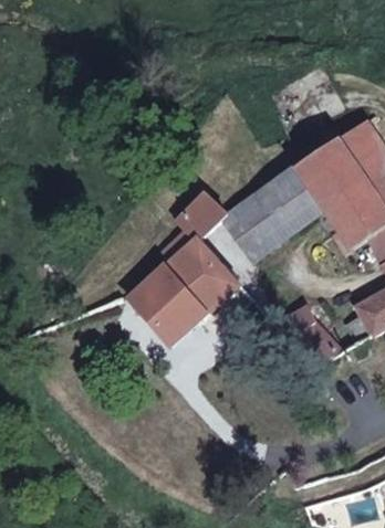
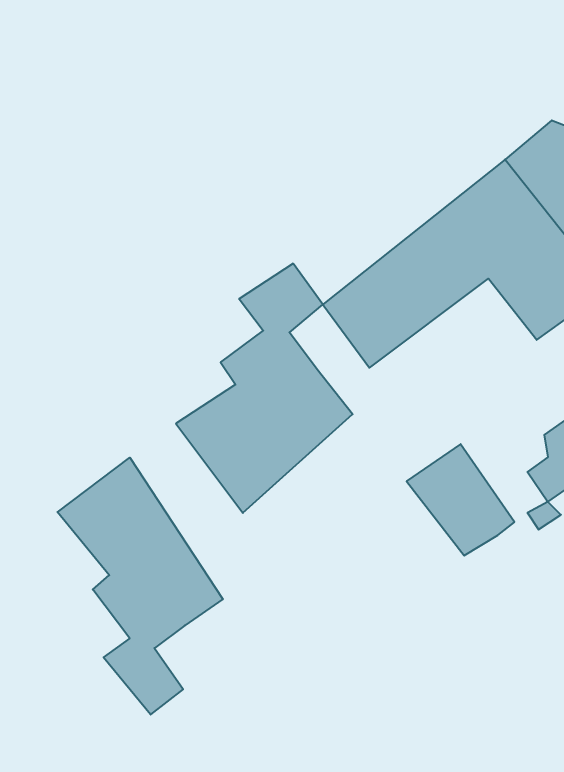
building: none -> [57,458,223,715]

